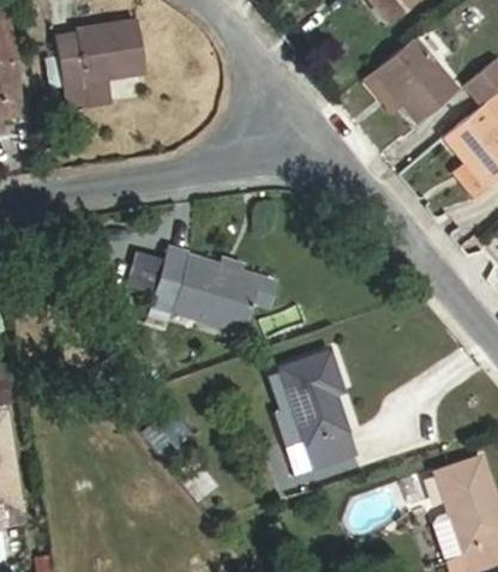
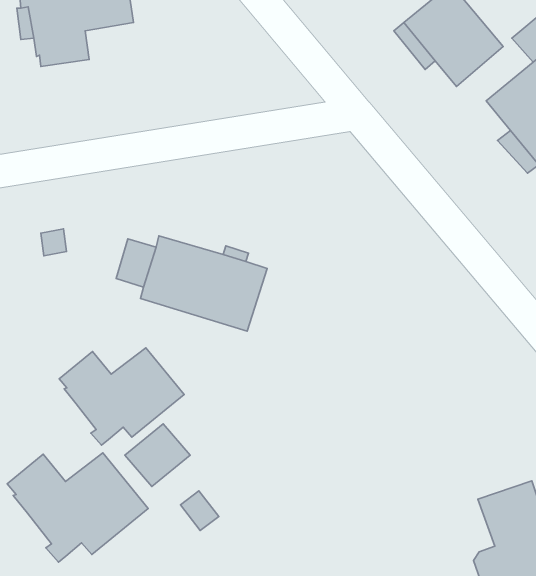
building: none -> [59,348,184,445]
building: [269,353,356,469] -> none
building: none -> [7,453,148,562]

